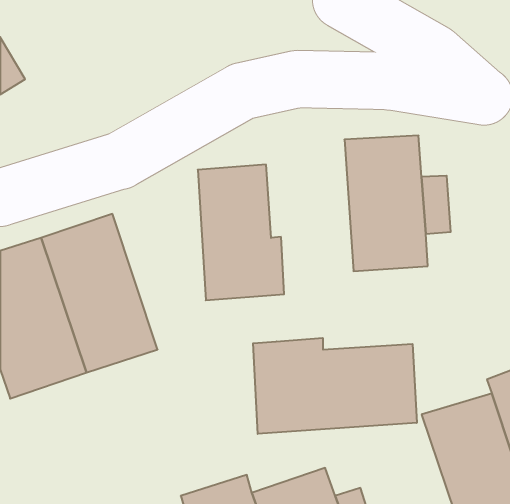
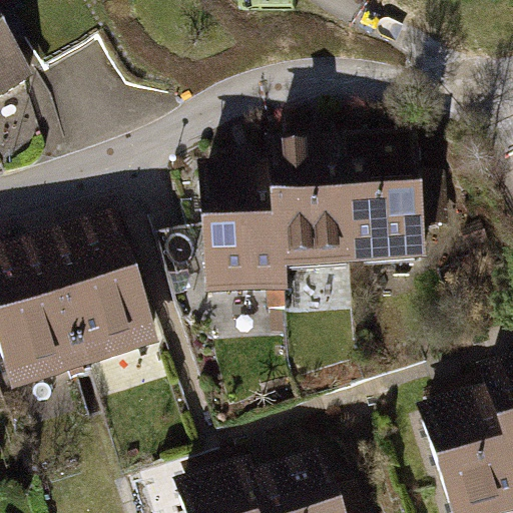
building: none -> [268,148,356,284]
building: [253,338,417,434] -> none

